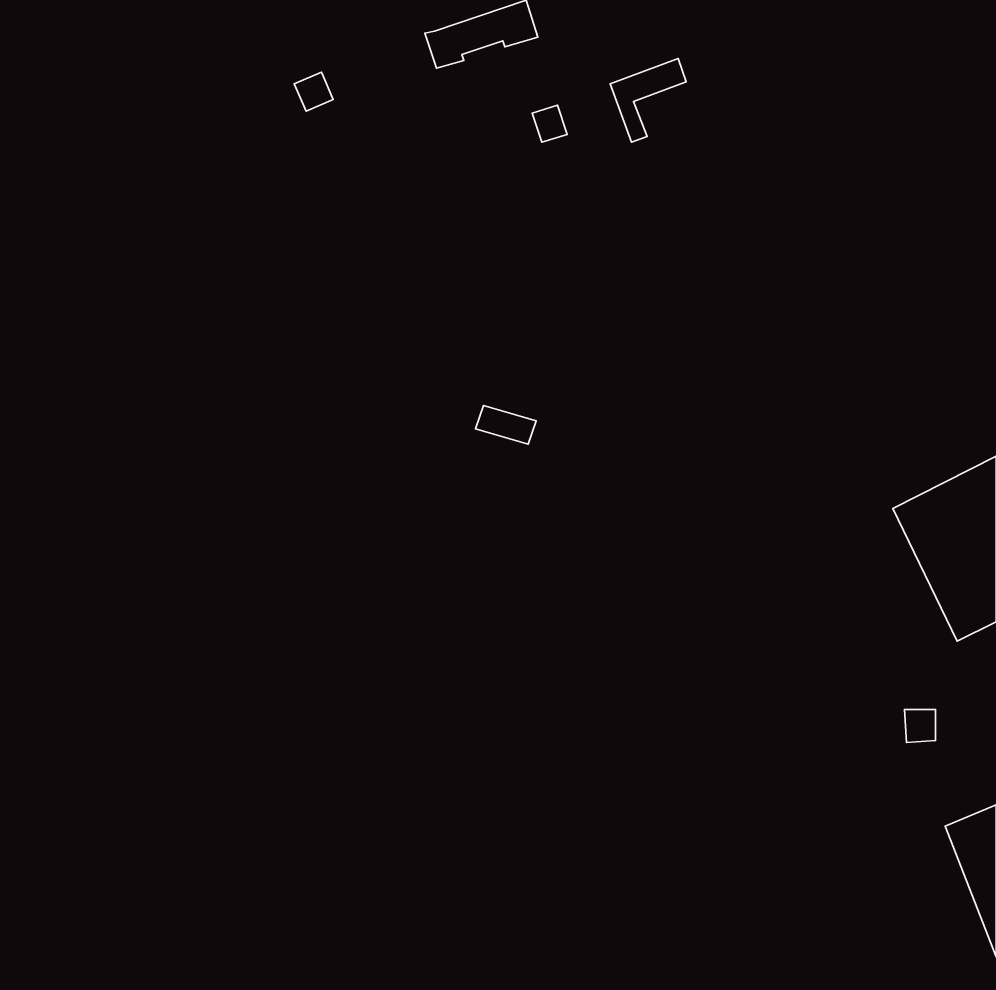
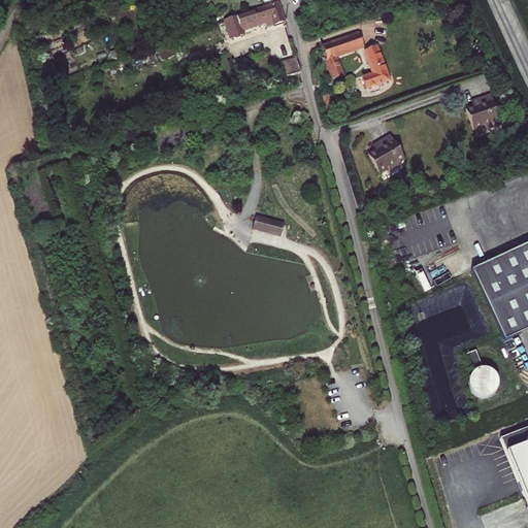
building: none -> [363,43,389,86]
building: none -> [468,94,502,130]
building: none -> [371,131,406,171]

